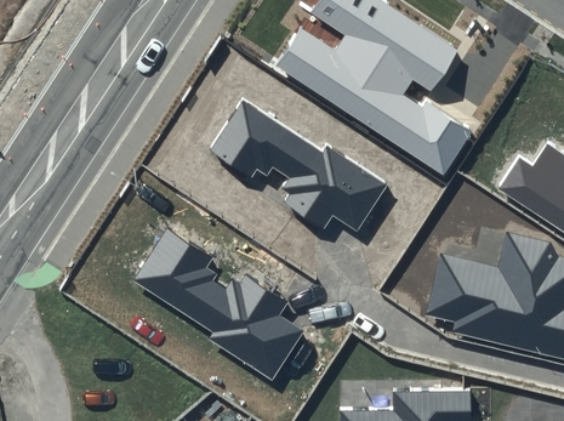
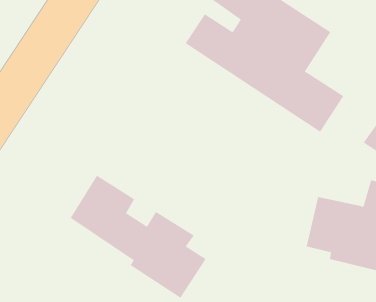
building: [211,101,387,232] -> none

